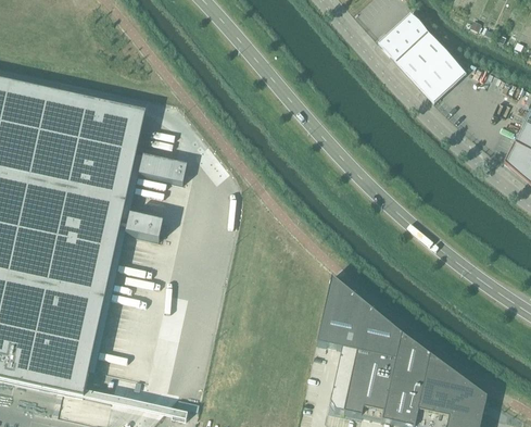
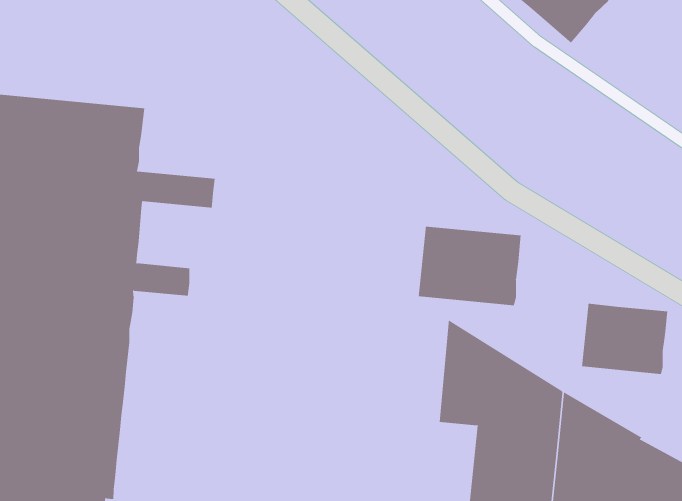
building: none -> [418,226,521,306]
building: none -> [581,303,668,375]

